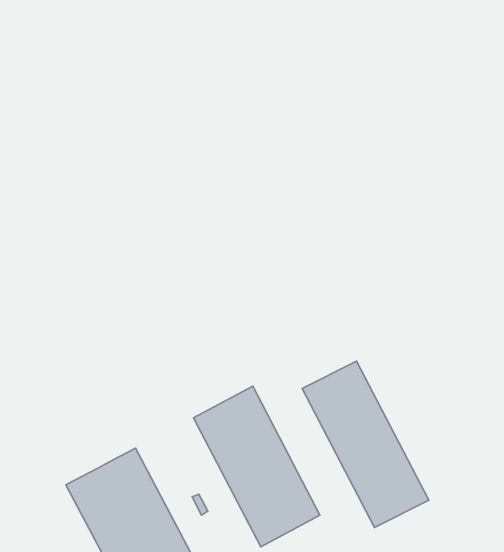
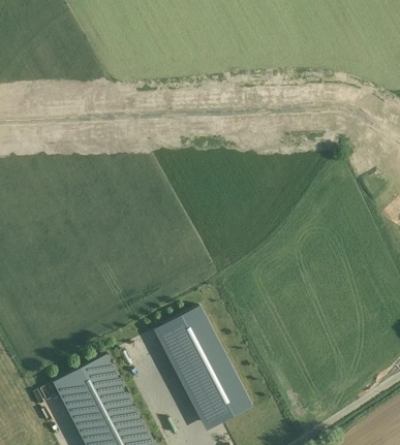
building: [302,361,429,528] -> none

